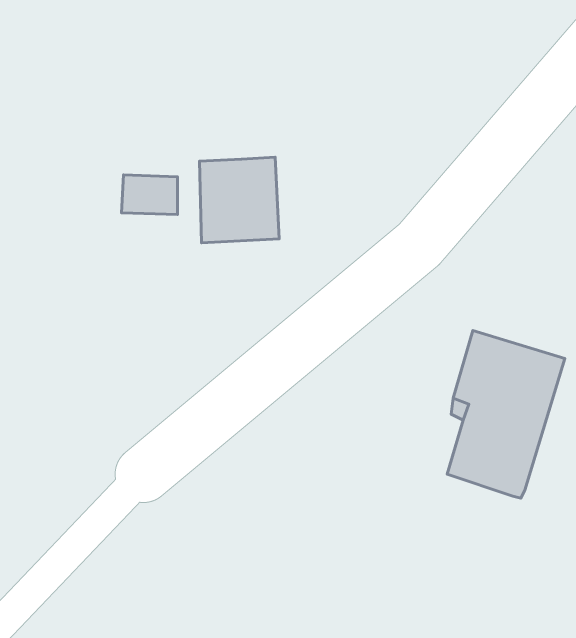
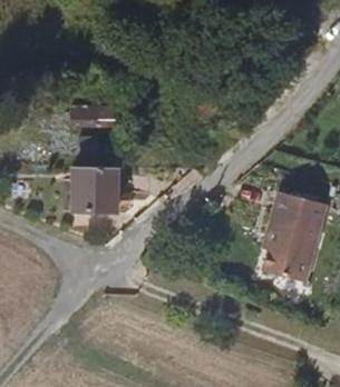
building: [199,157,279,243] -> [86,166,130,214]

